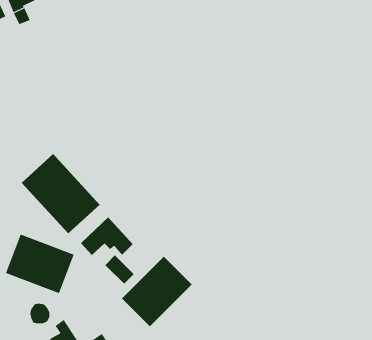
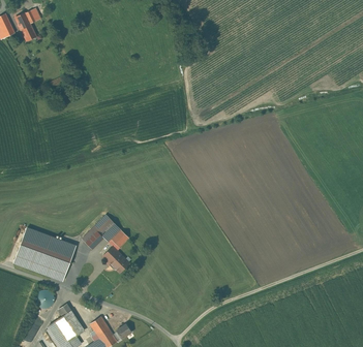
building: [21,153,100,234] -> none
building: [121,256,192,327] -> none

